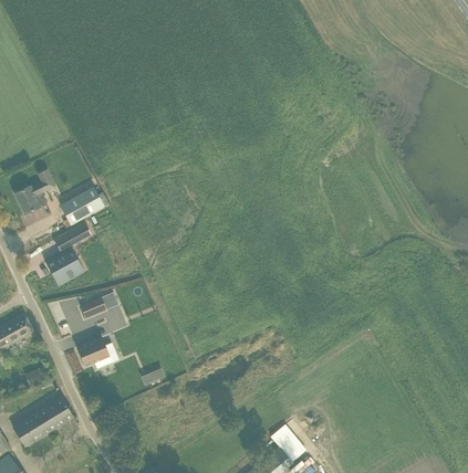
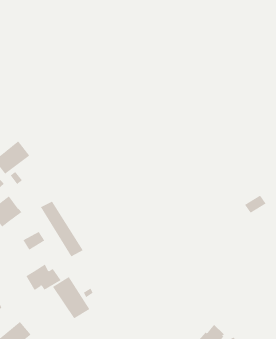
building: none -> [40,201,83,257]
building: none -> [52,276,90,319]

